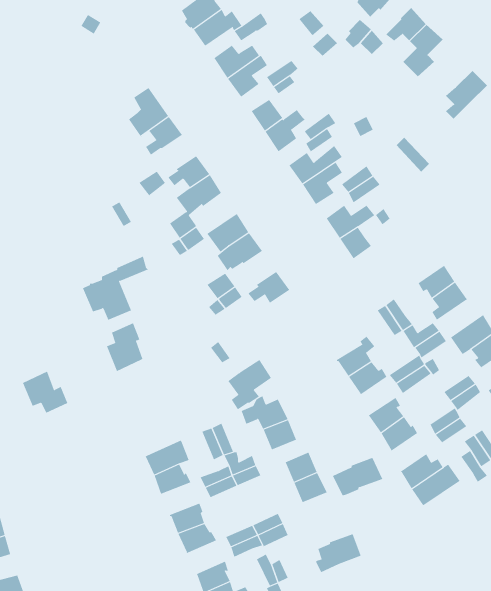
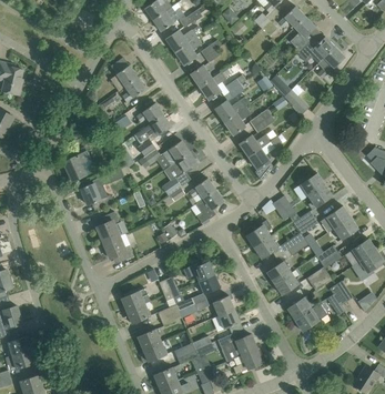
building: none -> [297,37,335,62]
building: none -> [63,148,95,181]
building: [227,359,272,410] -> [195,190,224,223]
building: [22,371,68,413] -> [103,235,133,263]
building: [332,457,383,496] -> [224,334,257,360]

